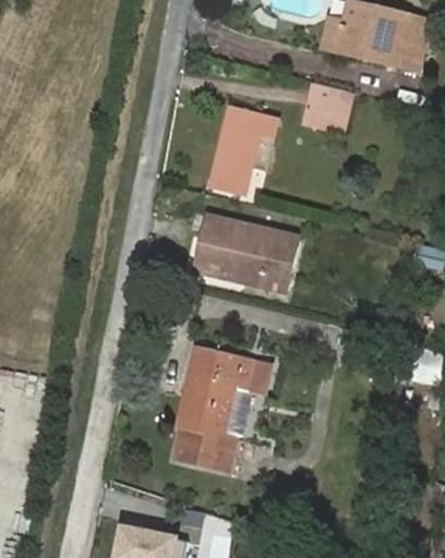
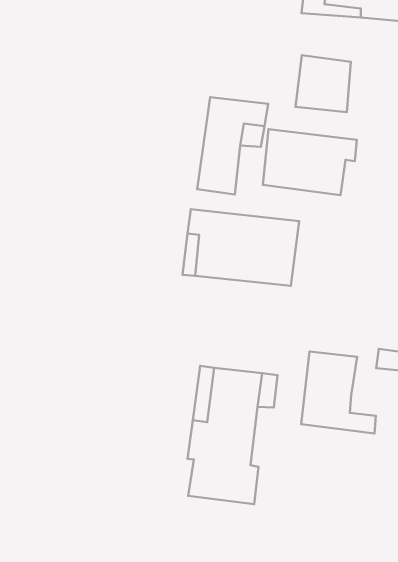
building: none -> [263,129,357,195]
building: none -> [301,352,376,434]

